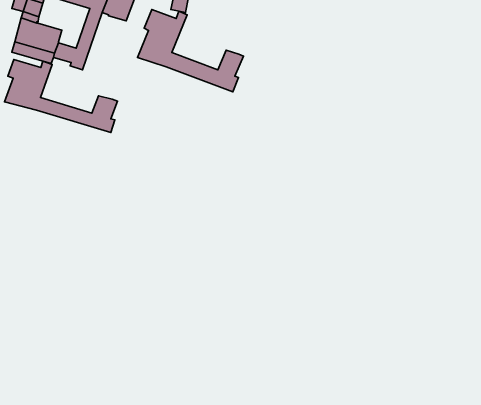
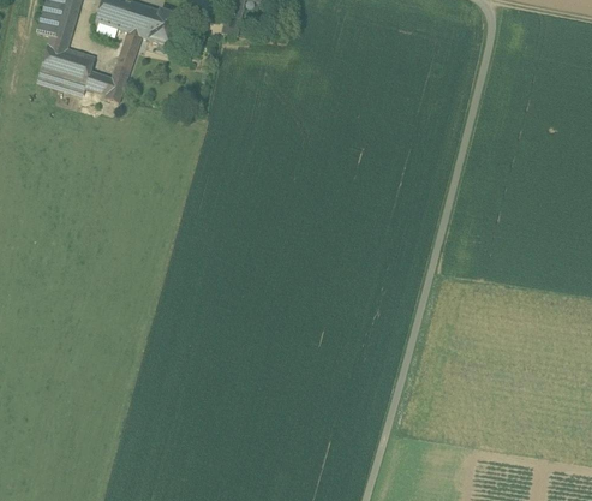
building: [137,9,243,92] -> none
building: [5,59,117,133] -> none

